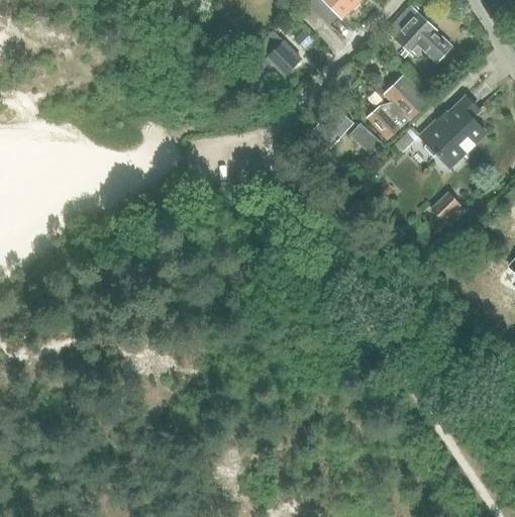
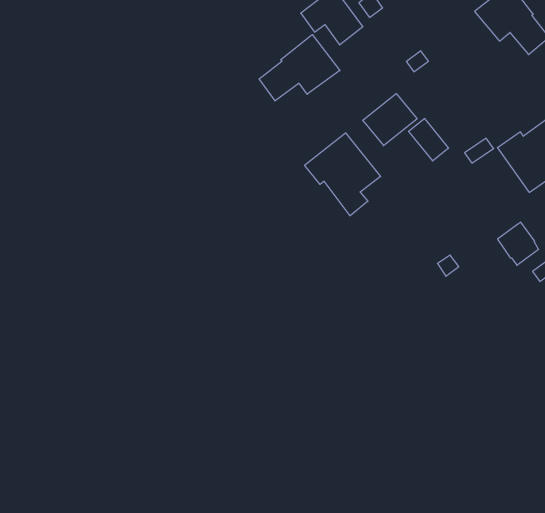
building: none -> [259,35,340,101]
building: [368,76,426,137] -> none
building: none -> [305,133,381,216]

